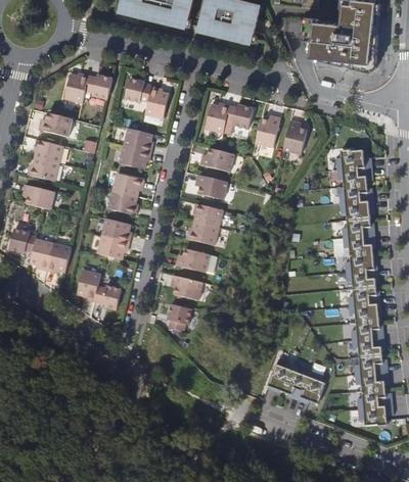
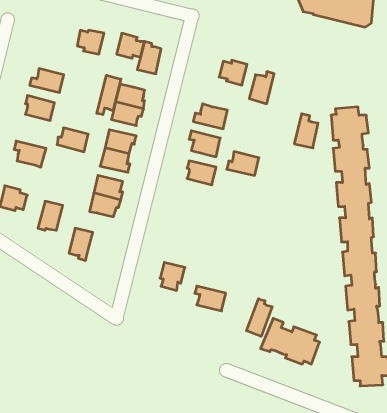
building: [63,74,88,102] -> none
building: [204,103,229,133] -> none
building: none -> [97,75,121,115]
building: [282,119,306,153] -> [294,114,318,148]
building: [28,157,58,181] -> [57,128,88,152]
building: [186,221,218,244] -> [227,152,259,175]
building: [29,239,53,270] -> none
building: [175,248,216,273] -> none
building: [171,275,201,299] -> [195,286,226,311]
building: [93,285,121,309] -> none
building: none -> [246,299,272,336]

